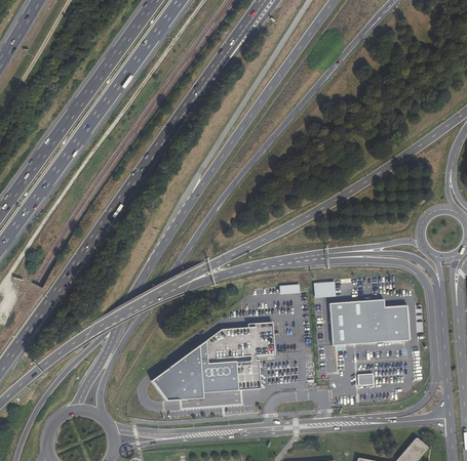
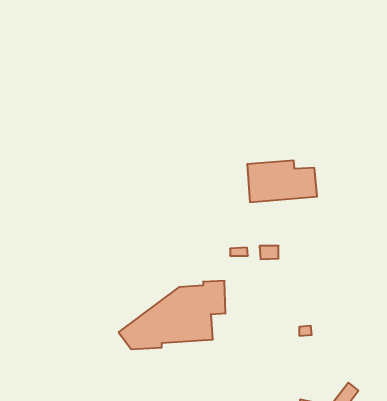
building: [329,299,410,346] -> [247,161,317,202]

